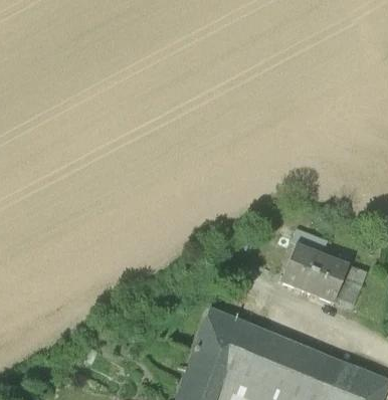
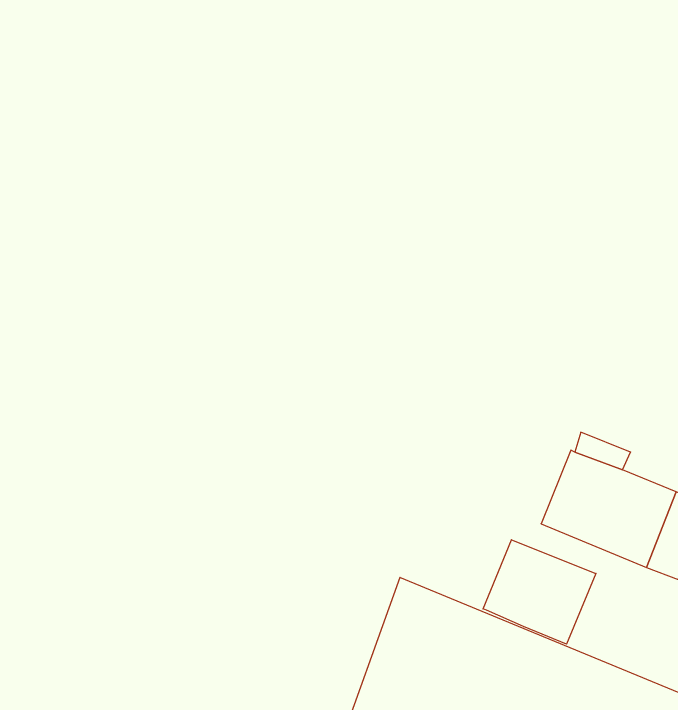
building: none -> [483,540,596,644]

